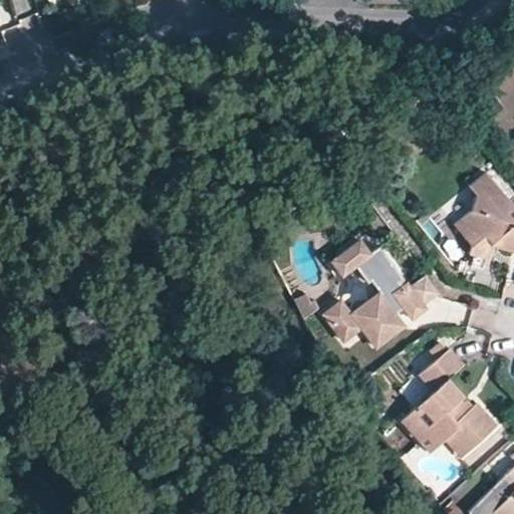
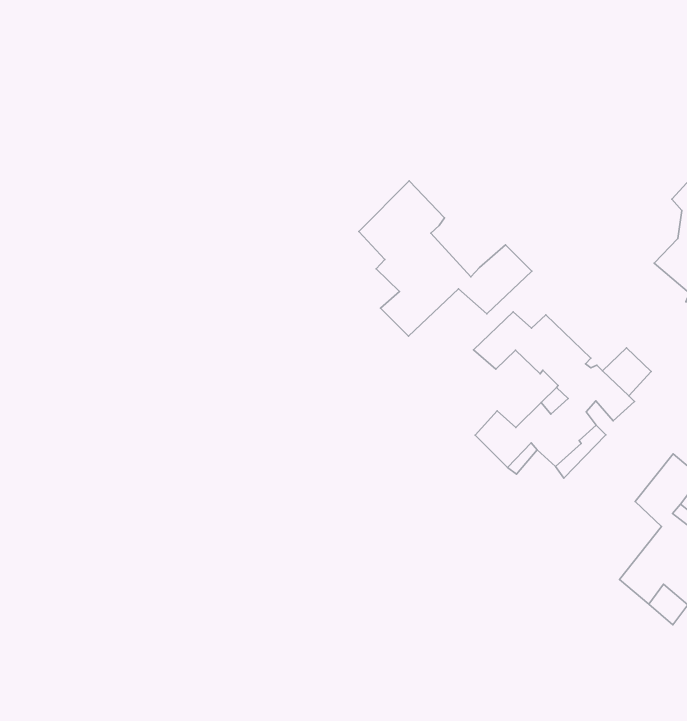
building: none -> [359,181,532,336]

